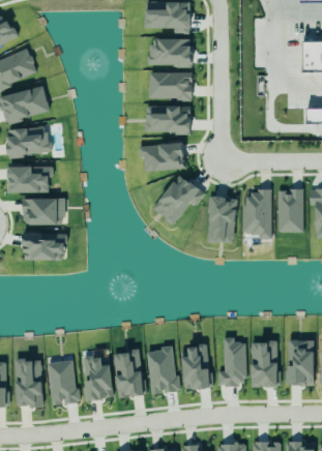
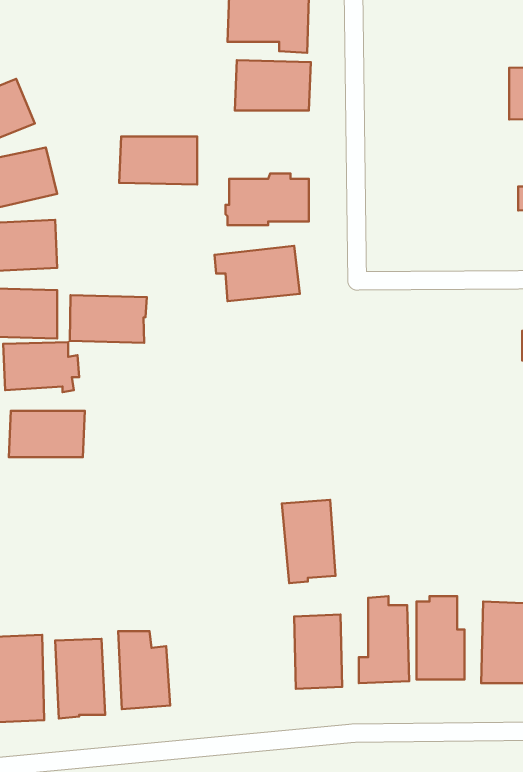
building: [148,72,192,99] -> [119,136,197,185]
building: none -> [70,295,147,343]
building: [153,175,205,224] -> none
building: [277,189,303,233] -> none
building: [243,190,271,237] -> none
building: [206,196,238,244] -> none
building: [147,349,177,395] -> [282,500,336,583]
building: [113,351,144,398] -> none

